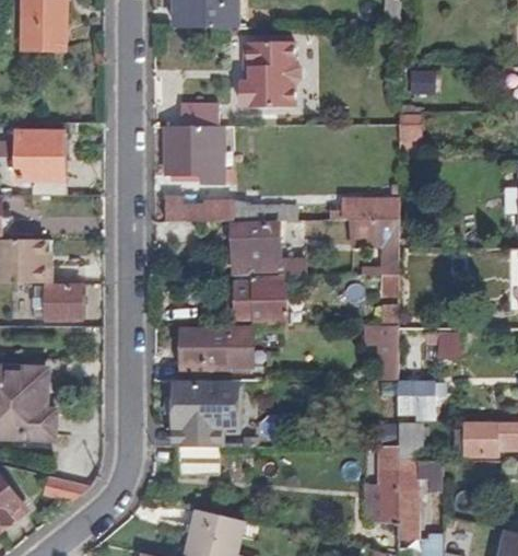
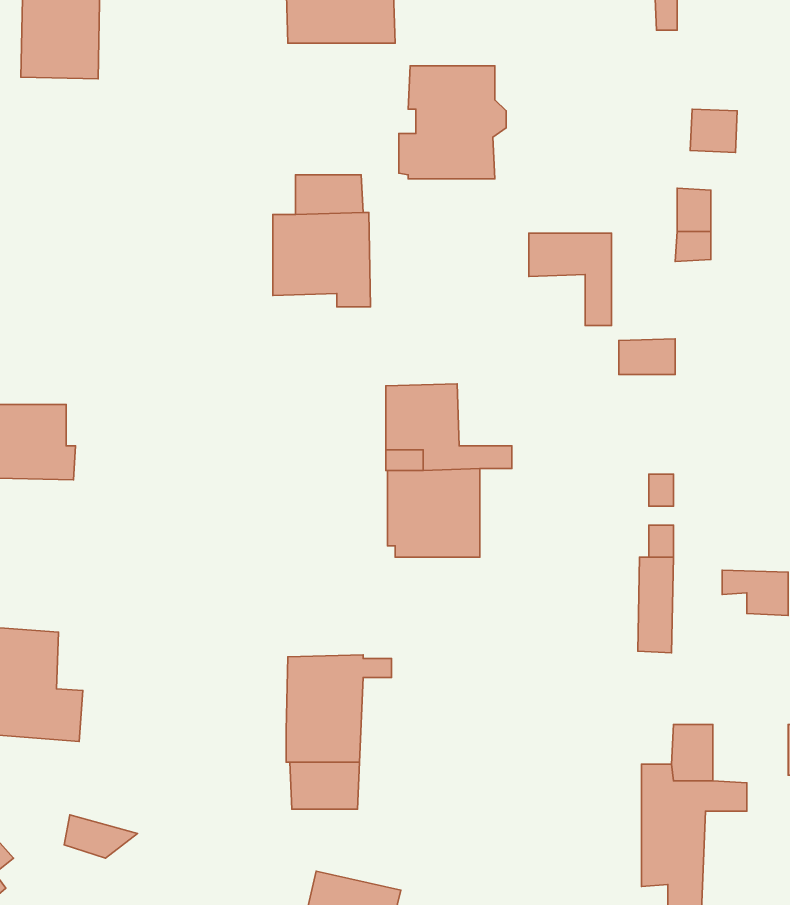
building: [17,131,63,195] -> none
building: [164,195,284,222] -> none
building: [352,220,400,274] -> [529,233,611,325]
building: [25,283,81,318] -> none
building: [178,326,251,381] -> none
building: [398,385,445,419] -> none

